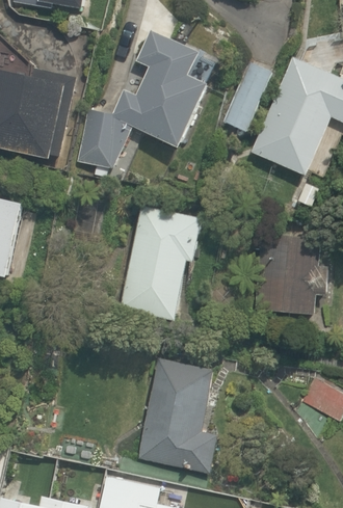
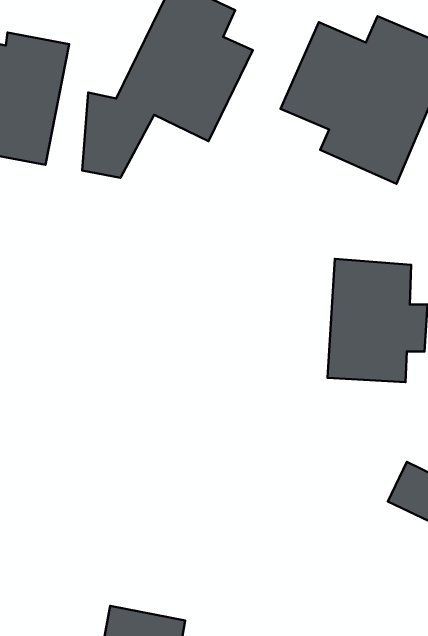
building: [120,206,204,318] -> none
building: [140,358,218,474] -> none

